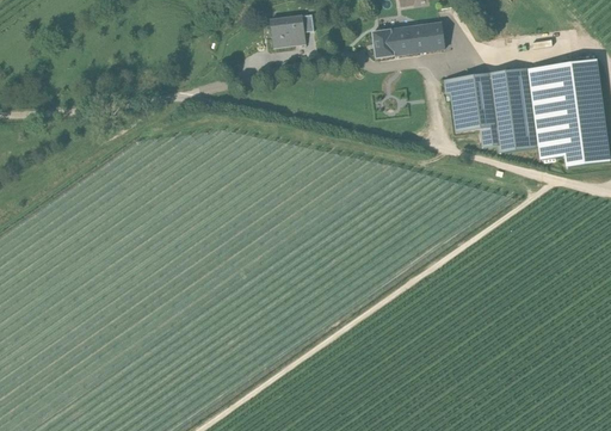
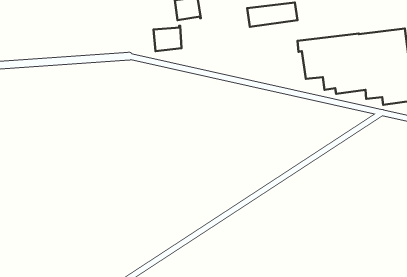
building: none -> [154,26,182,51]

